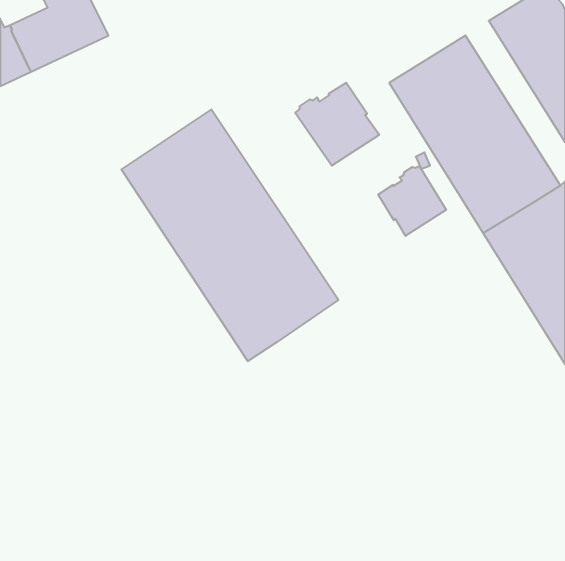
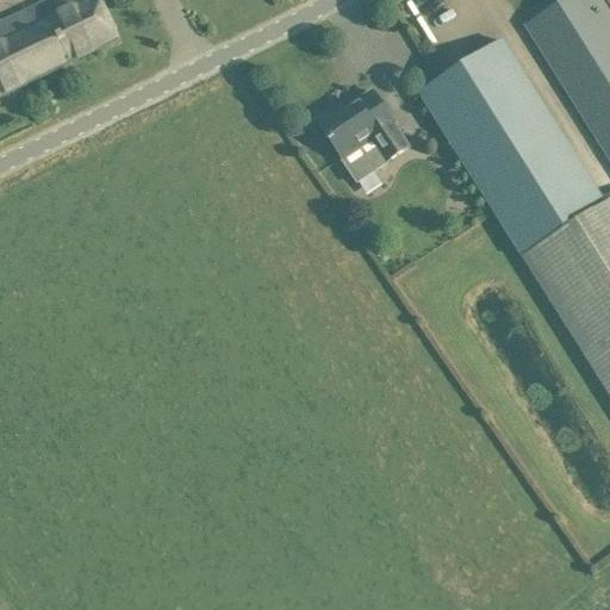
building: [121,109,338,361] -> none
building: [378,166,446,236] -> none

